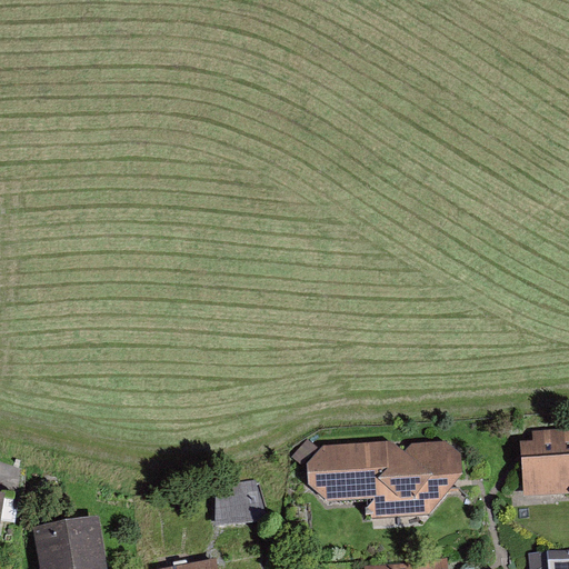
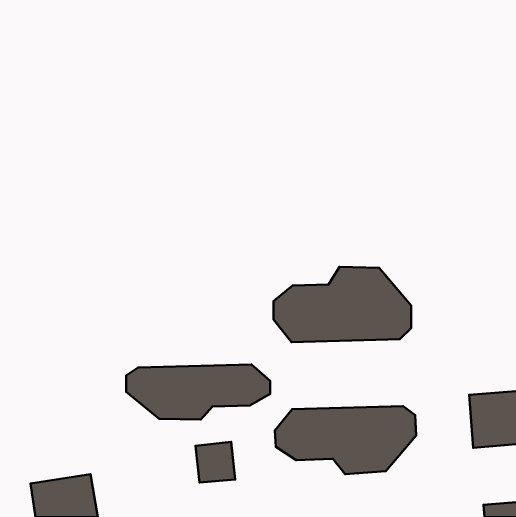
building: none -> [274,267,411,342]
building: none -> [126,364,270,419]

